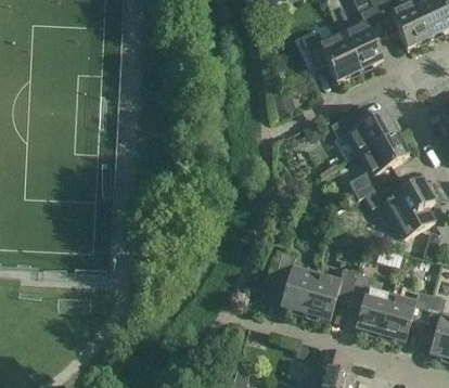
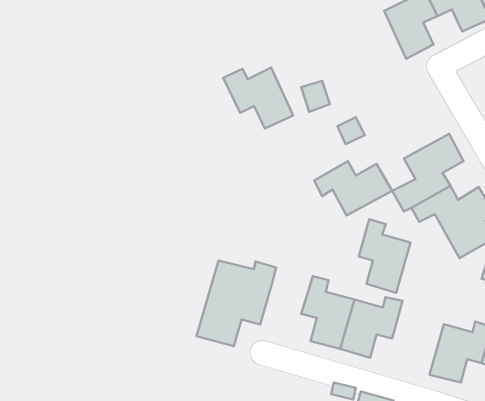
building: [302,30,360,81] -> [223,67,293,128]
building: [331,108,396,154] -> [314,161,392,215]
building: none -> [197,260,276,346]
building: [348,273,392,335] -> [359,219,411,293]

